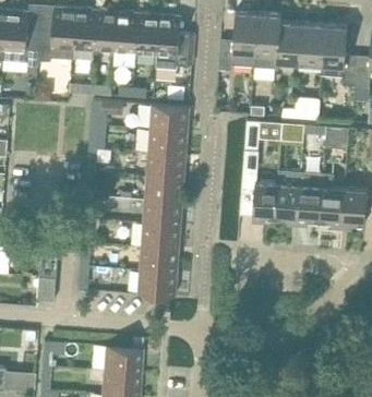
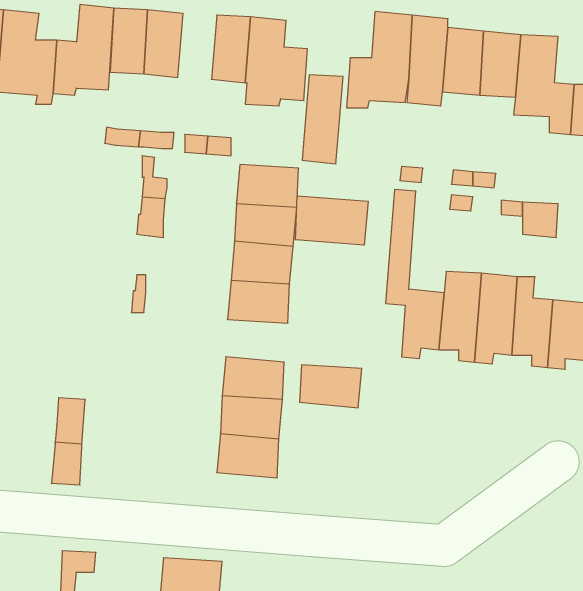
building: [113,14,139,69] -> [302,75,343,164]
building: none -> [295,196,368,245]
building: [144,202,182,228] -> [300,365,362,408]

